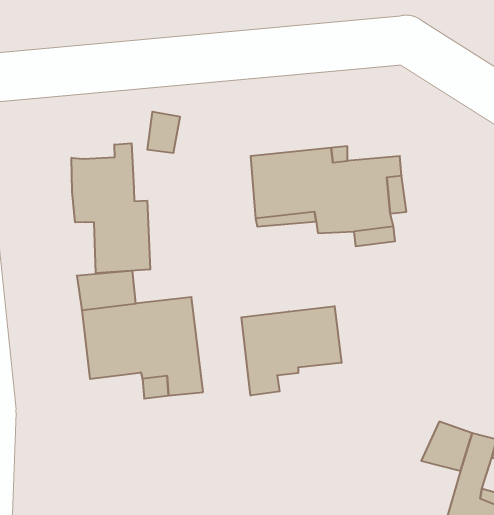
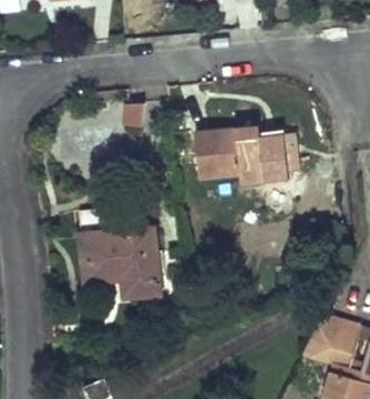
building: [72,143,150,273] -> none
building: [241,306,341,396] -> none

